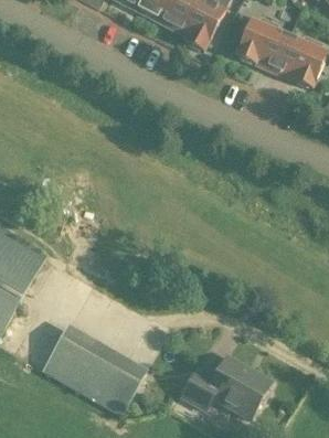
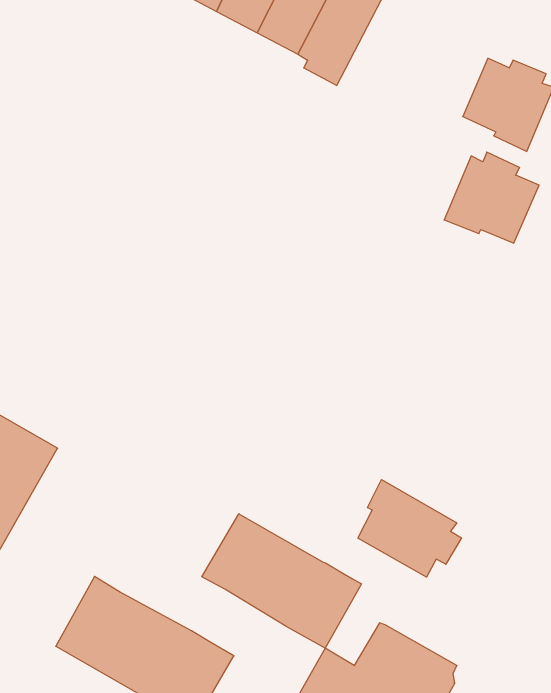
building: [234,15,288,67] -> [444,152,539,243]
building: none -> [358,480,462,577]
building: none -> [202,514,361,648]

